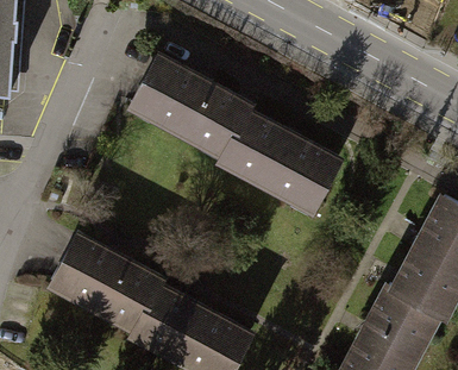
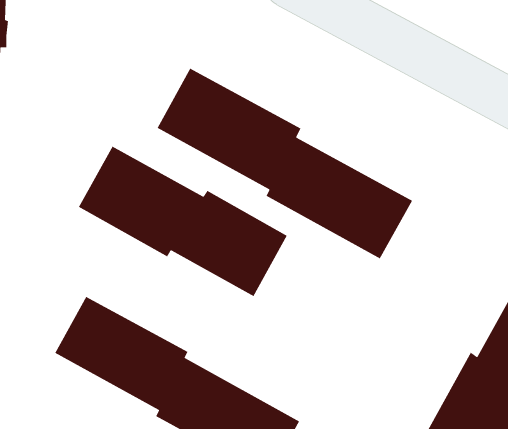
building: none -> [78,146,288,297]

